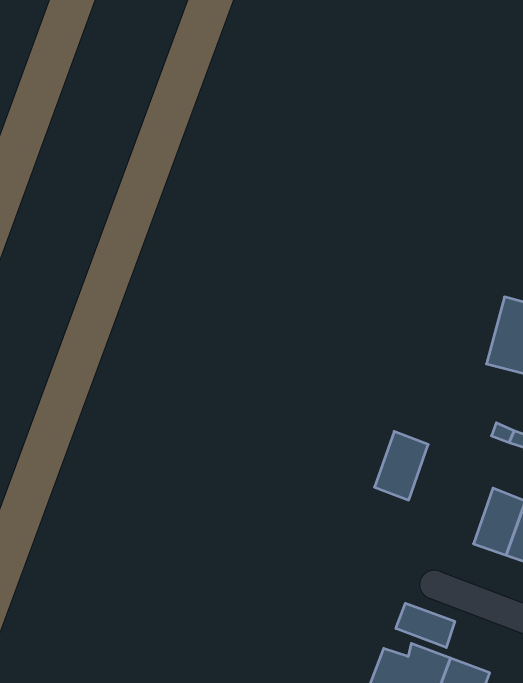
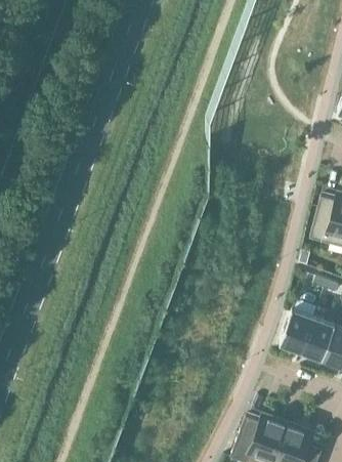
building: [374,431,428,500] -> [280,309,313,352]
building: [396,603,455,648] -> none

